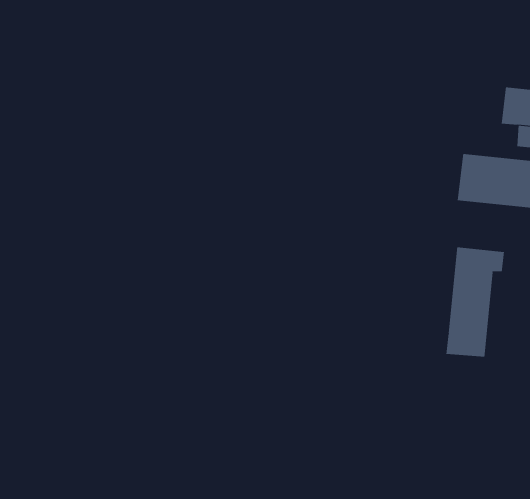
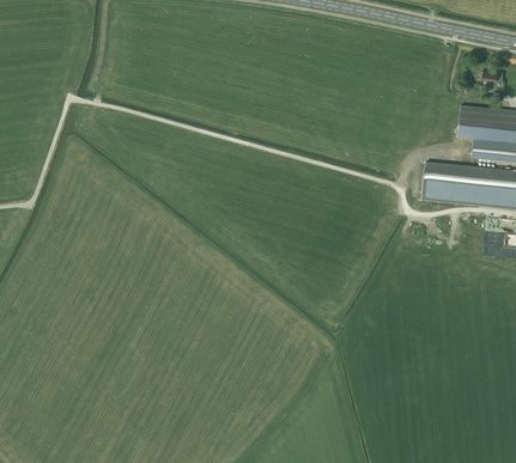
building: [446,246,504,357] -> none

